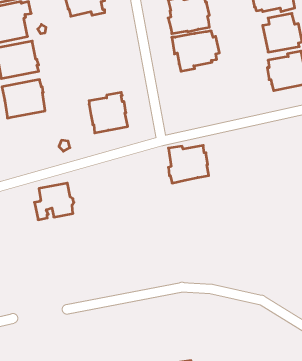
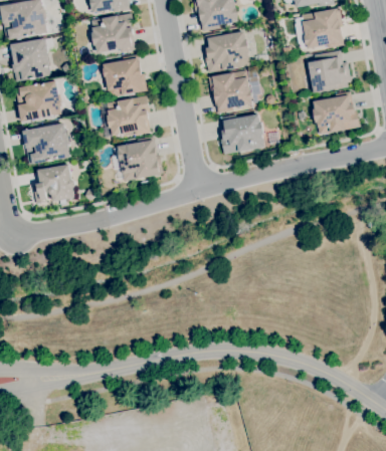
building: none -> [103,54,147,97]
building: none -> [107,95,151,137]
building: [168,145,209,183] -> [220,114,264,155]
building: [34,183,74,220] -> [32,164,75,204]

